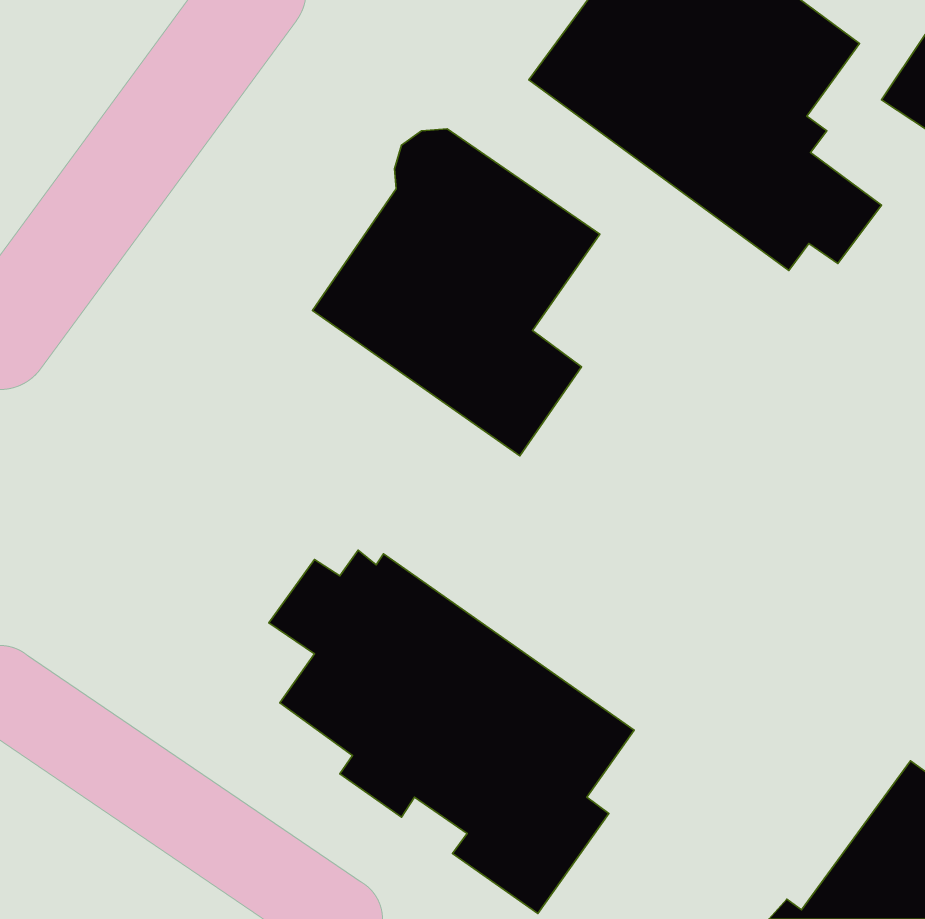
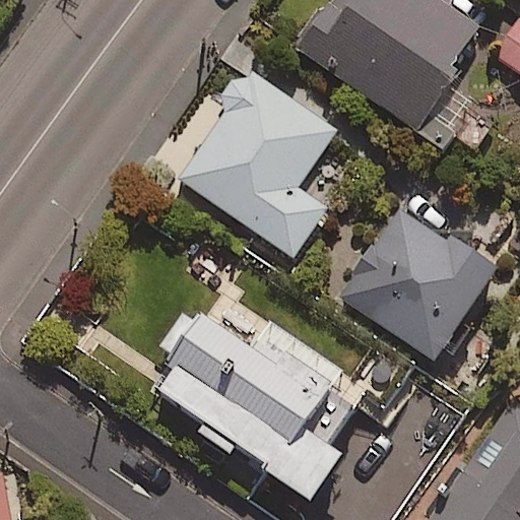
building: none -> [339,206,494,360]

